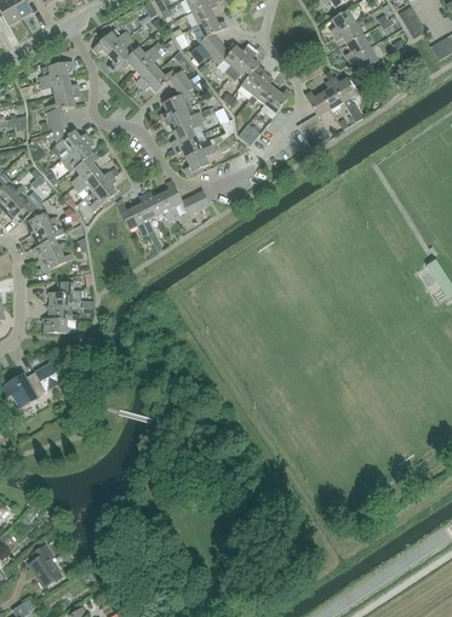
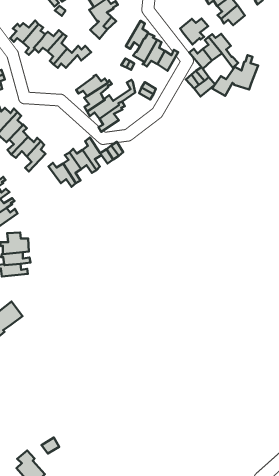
building: [213,45,252,76] -> none
building: none -> [180,19,208,44]
building: [161,80,194,120] -> none
building: none -> [212,55,258,96]

